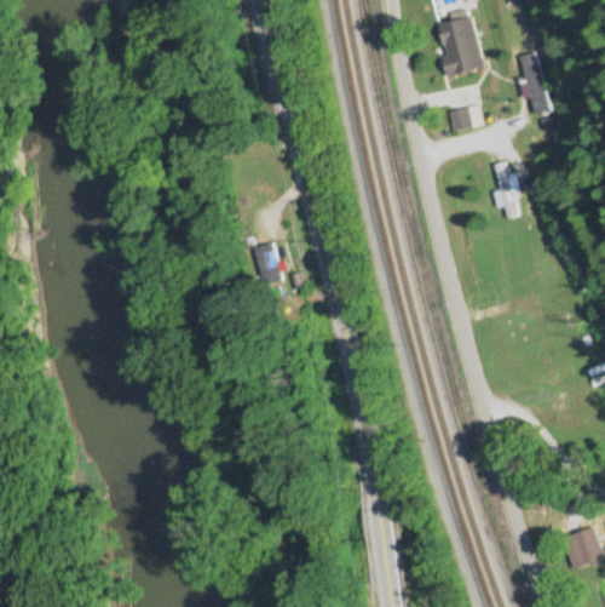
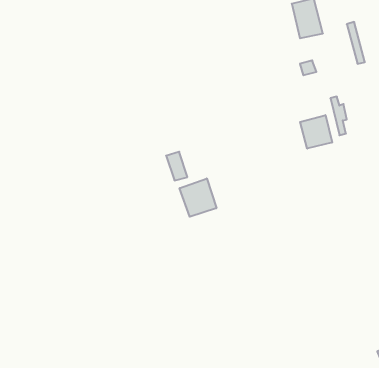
building: none -> [300,115,332,149]
building: none -> [180,178,216,217]

